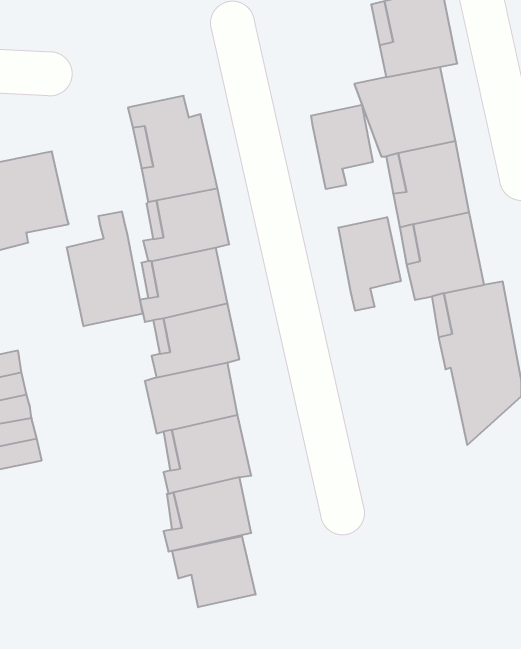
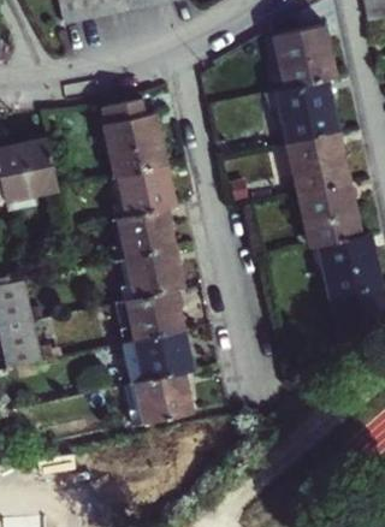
building: [311,105,373,189] -> none
building: [67,211,142,326] -> none
building: [338,217,401,311] -> none
building: [172,536,256,607] -> none

